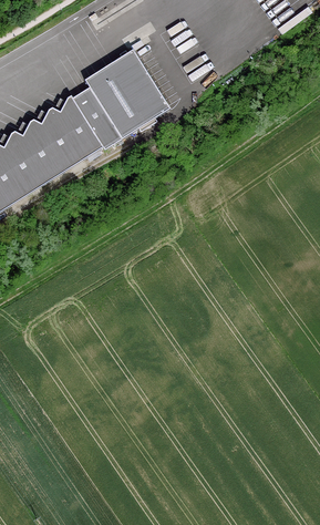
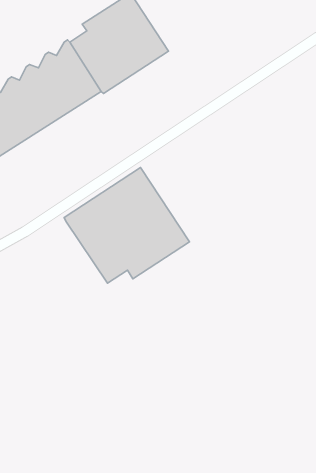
building: none -> [64,167,189,283]

